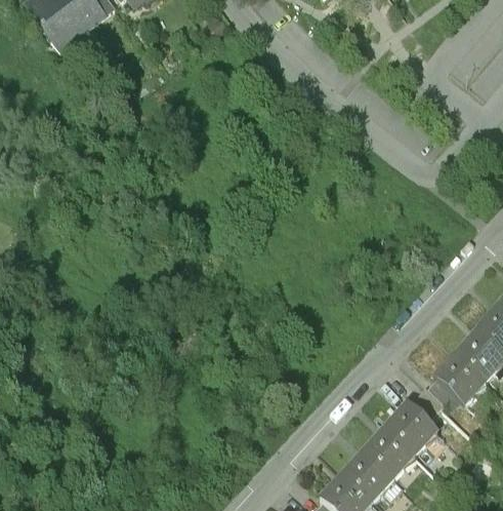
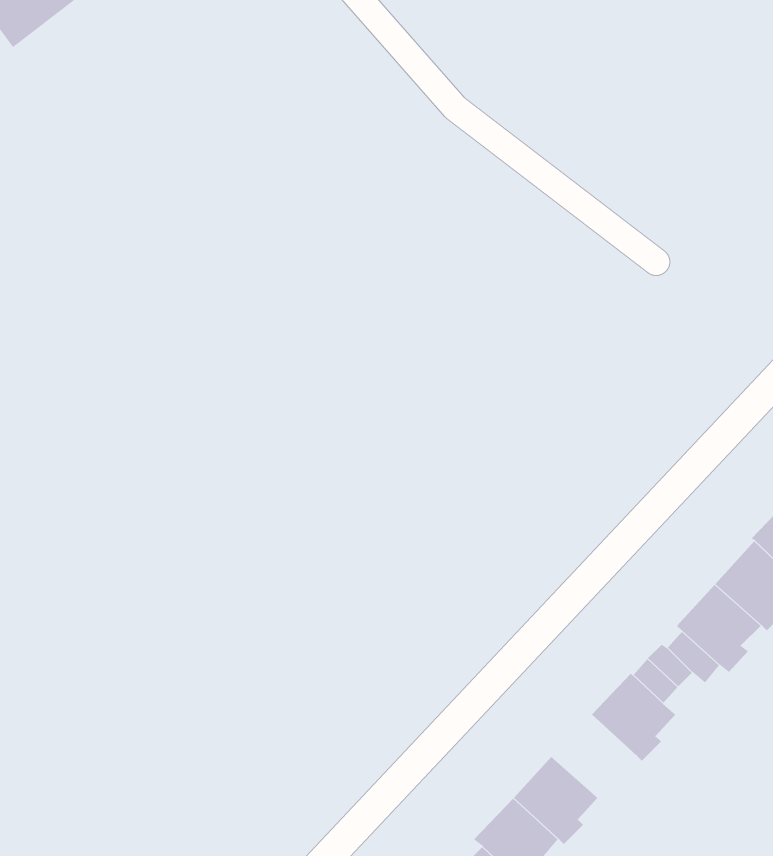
building: [364,427,412,477] -> none

